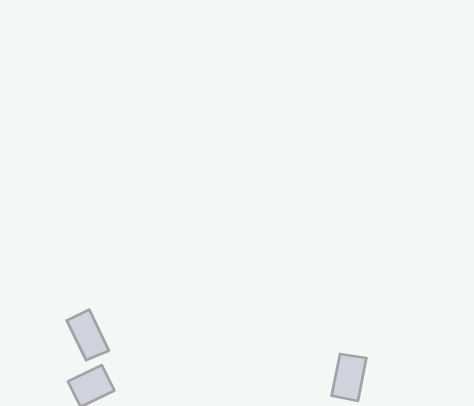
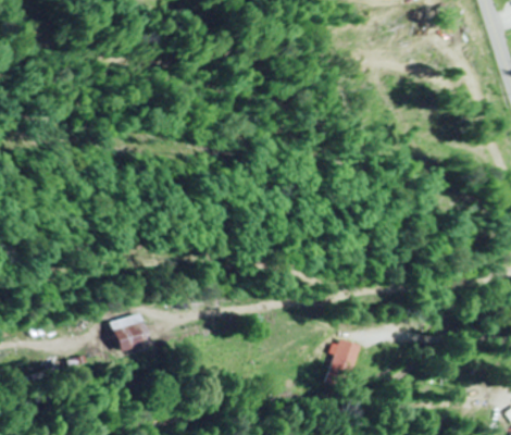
building: [67,310,109,360] -> none

